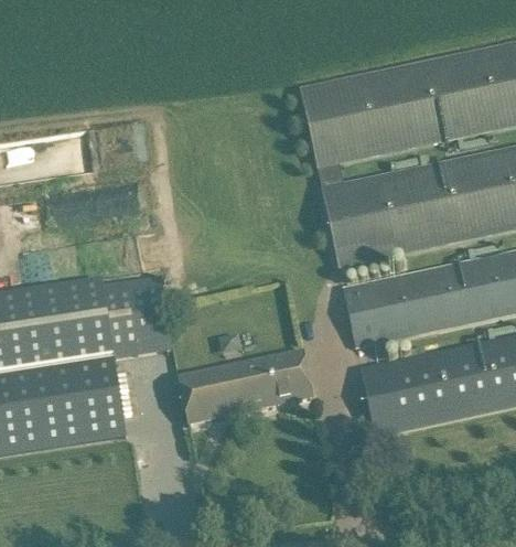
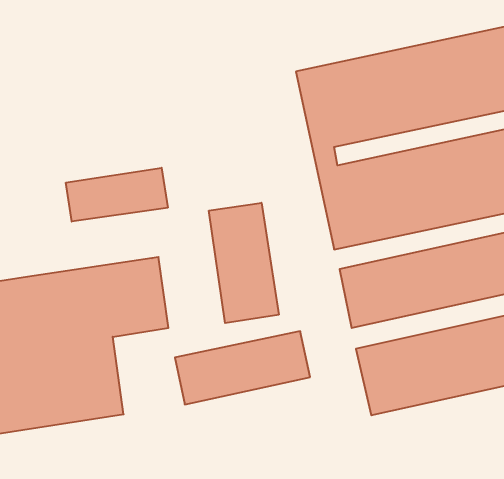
building: none -> [66,168,168,222]
building: none -> [209,203,279,323]

